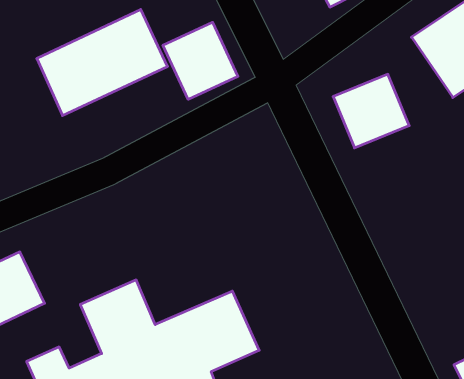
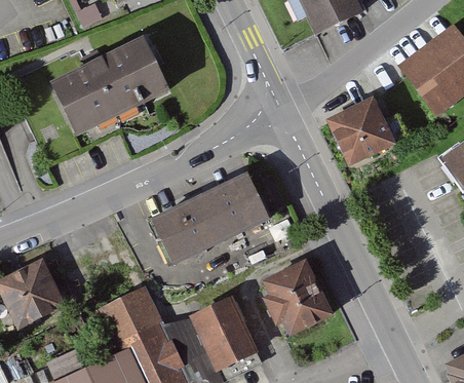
building: [163,22,238,99] -> none
building: none -> [153,174,271,262]
building: none -> [261,260,334,335]

